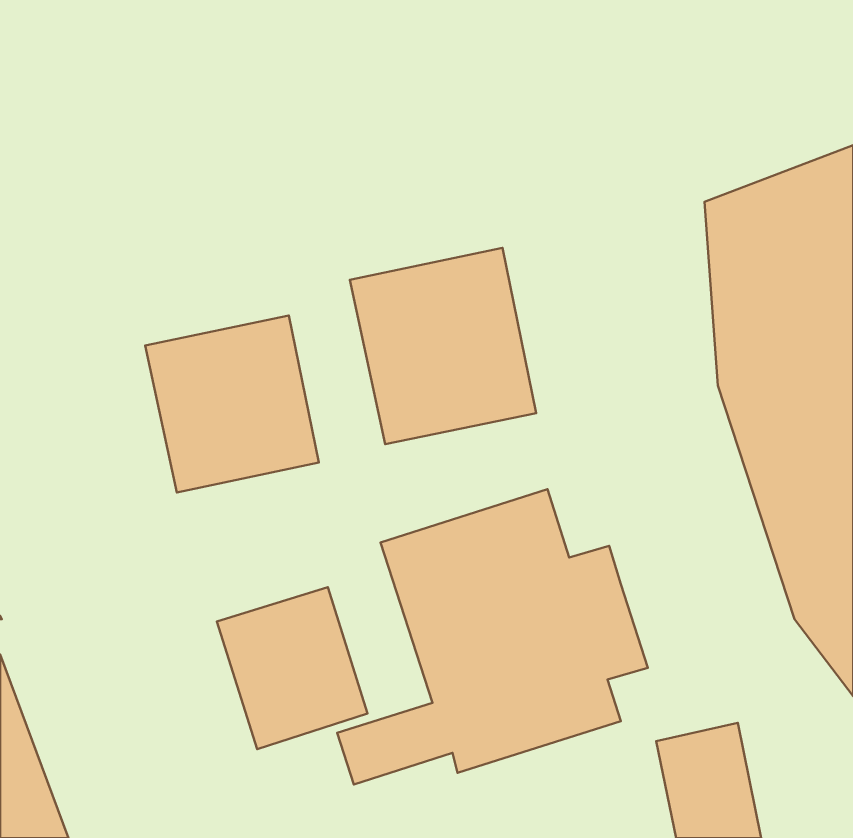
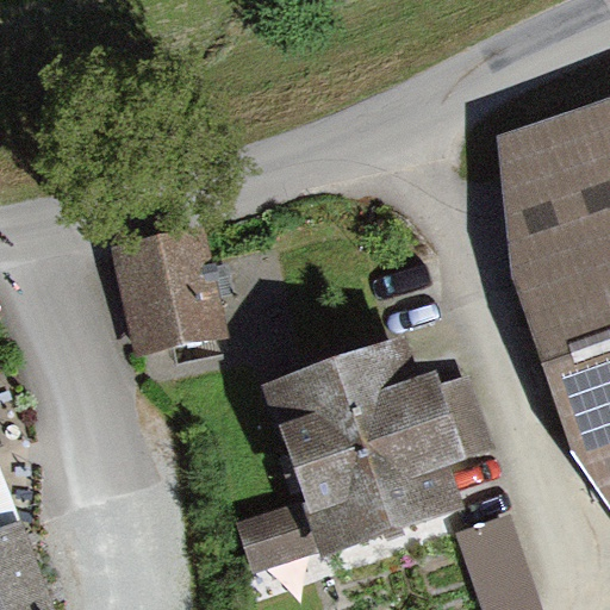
building: [350,248,536,444] -> none
building: [217,587,368,749] -> none

